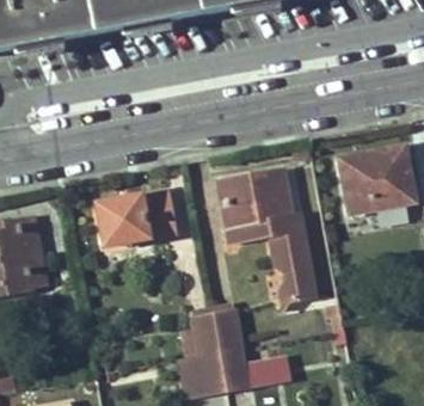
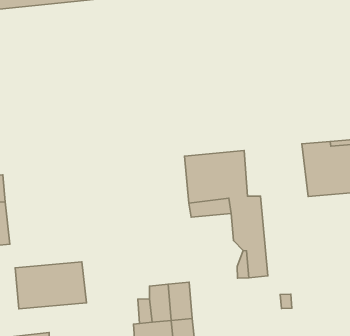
building: [99,190,176,244] -> [15,262,87,309]

